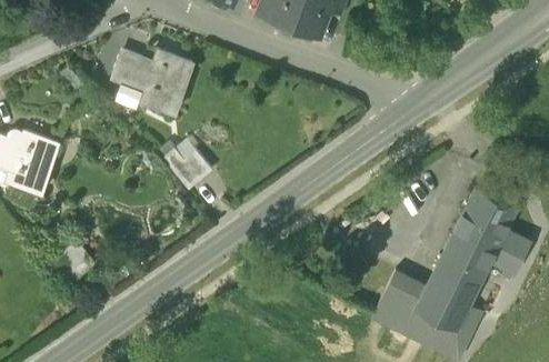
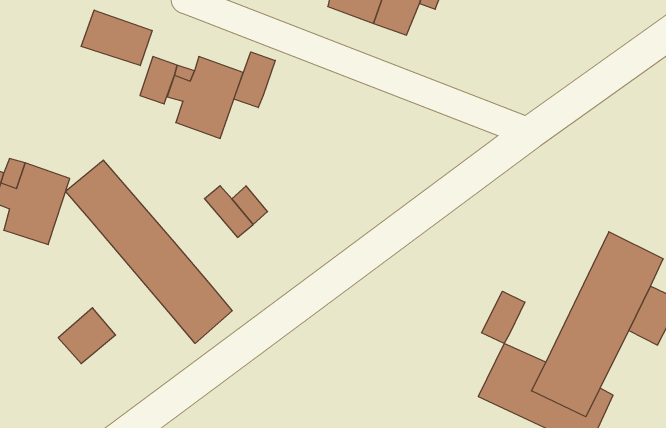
building: none -> [81,10,152,66]
building: none -> [234,52,275,108]
building: none -> [66,160,232,343]
building: none -> [482,291,525,344]

